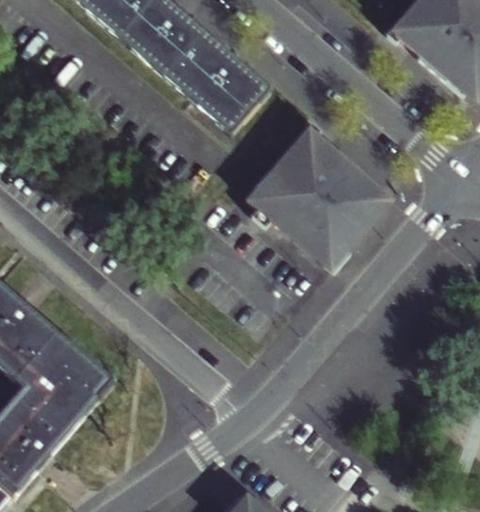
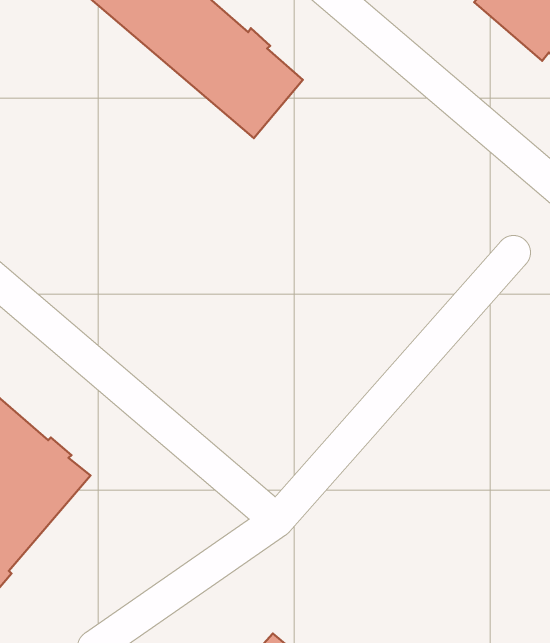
building: [253,128,380,258] -> none

